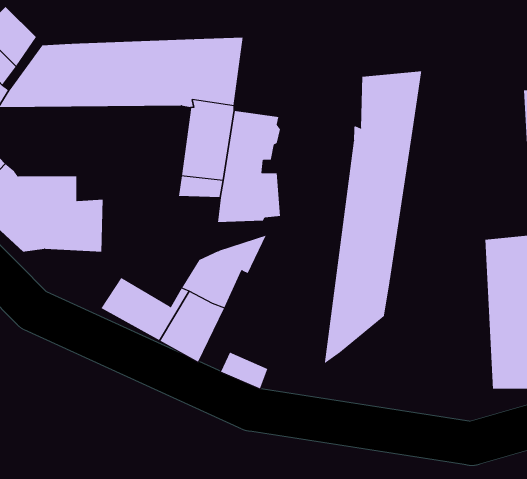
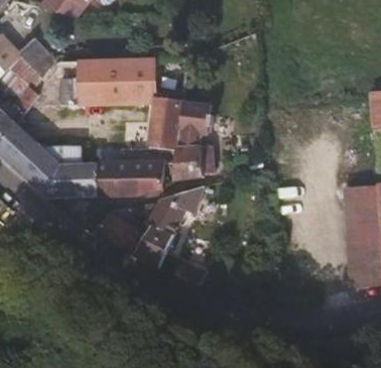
building: [324,71,422,365] -> none
building: none -> [97,162,162,197]

